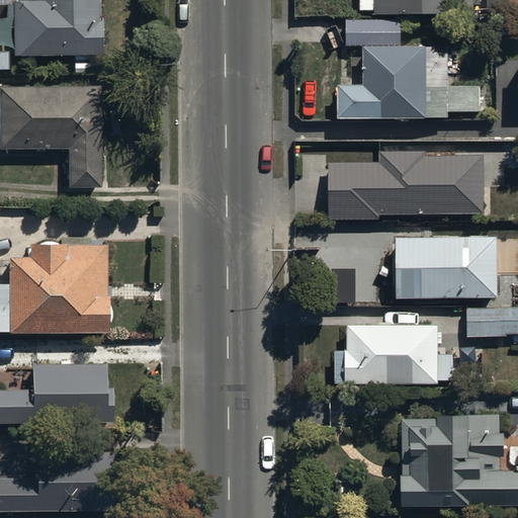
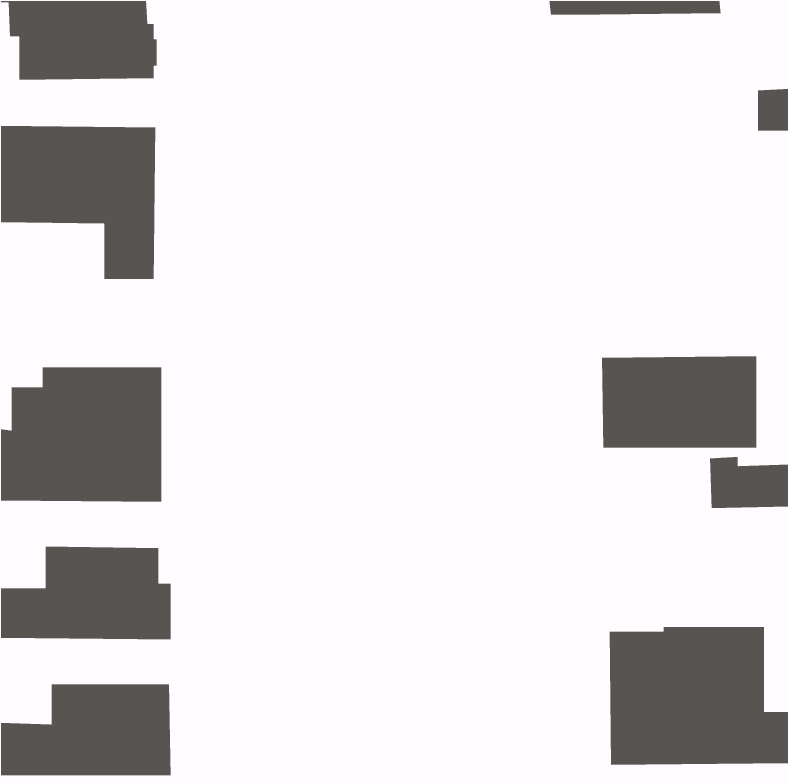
building: [337,21,479,116] -> none
building: [327,150,485,221] -> none
building: [335,324,454,383] -> none

